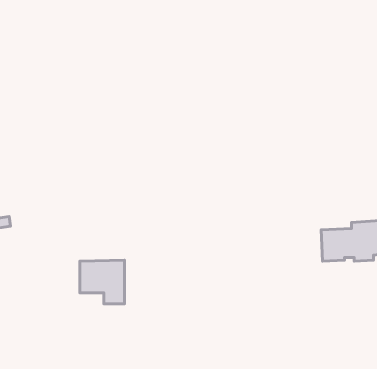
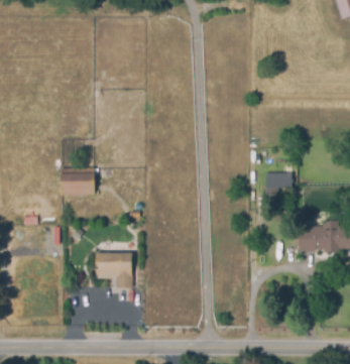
building: none -> [62,167,95,196]
building: none -> [263,173,293,196]

